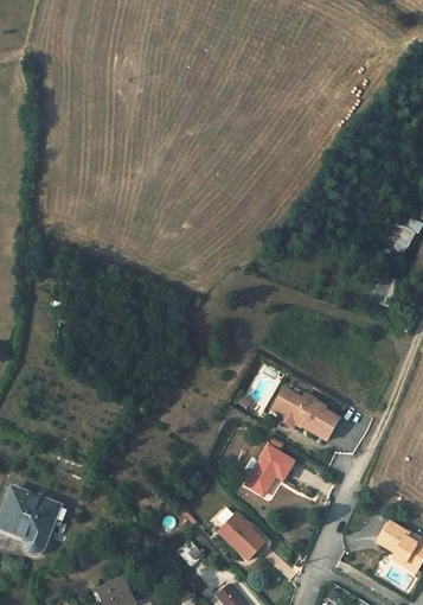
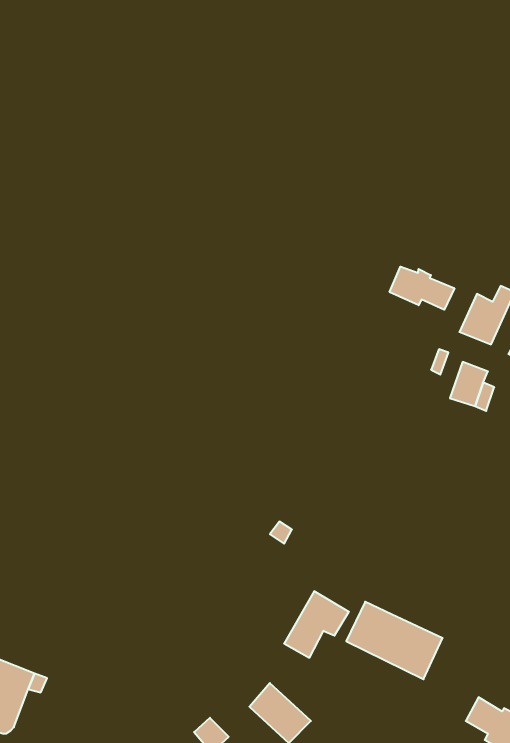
building: none -> [390,267,454,310]
building: [265,384,338,442] -> [346,602,443,679]

